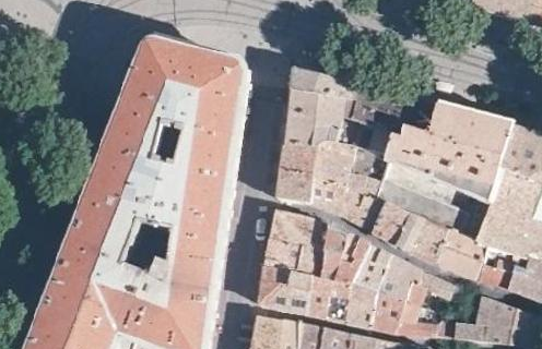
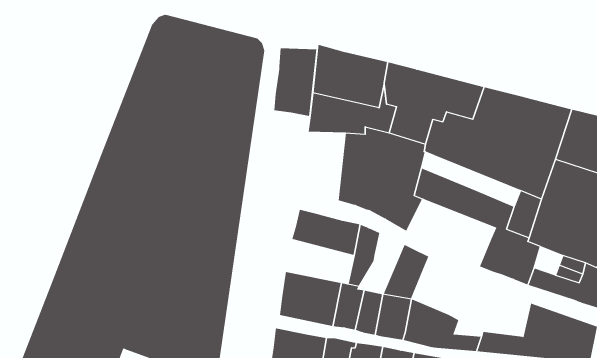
building: [276,144,315,204] -> [273,48,317,117]
building: [368,203,446,262] -> none
building: [326,232,366,286] -> none
building: [262,238,322,277] -> none
building: [373,253,450,309] -> none

